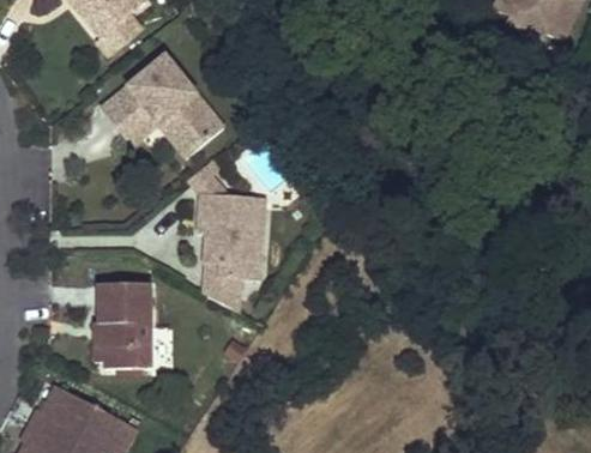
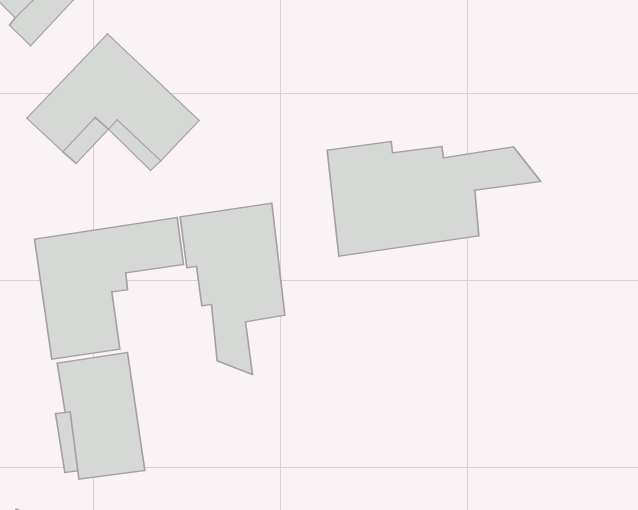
building: none -> [327,142,541,256]
building: none -> [35,218,184,359]

